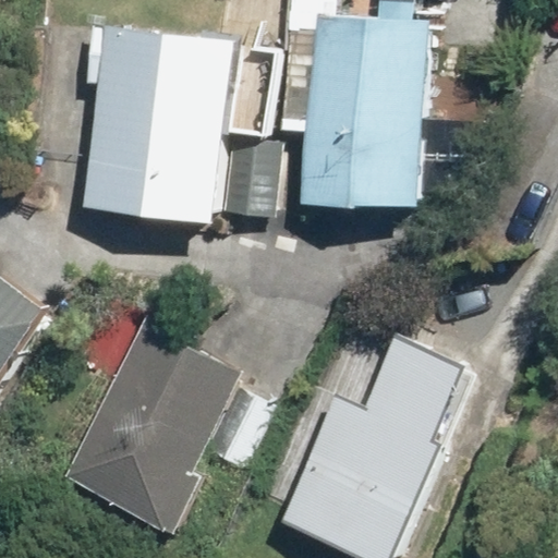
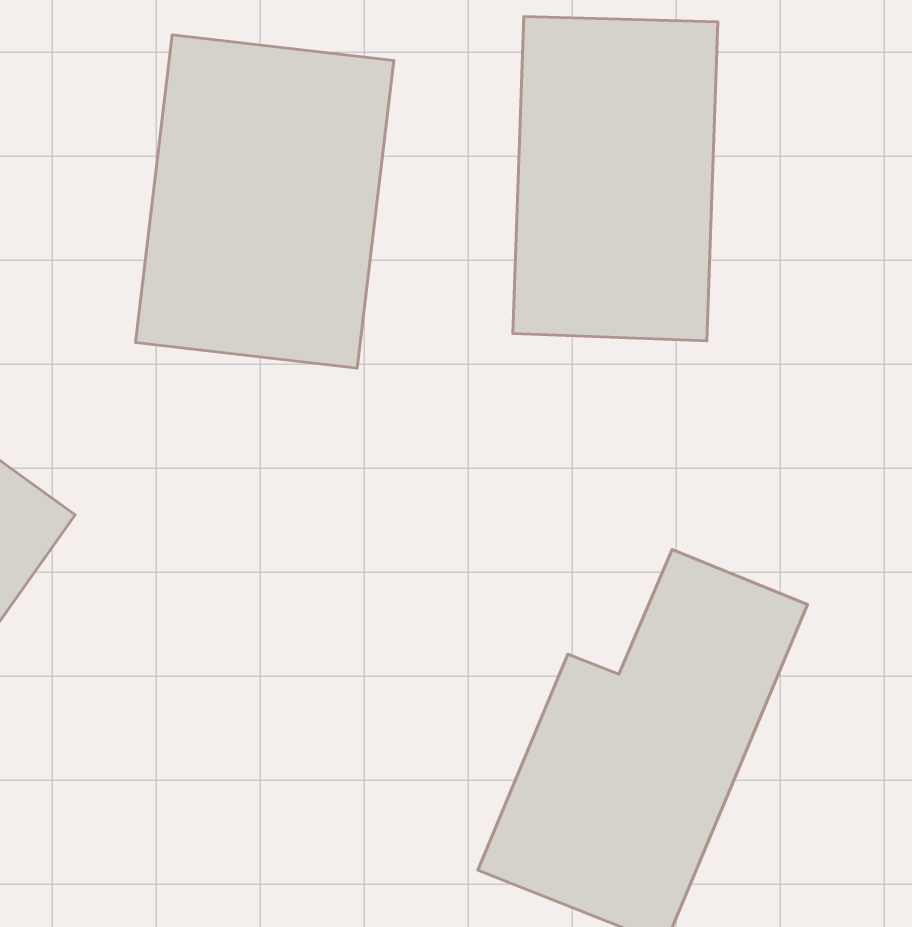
building: [60,316,251,532] -> none

